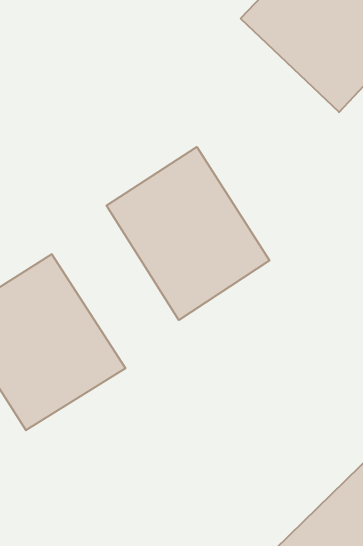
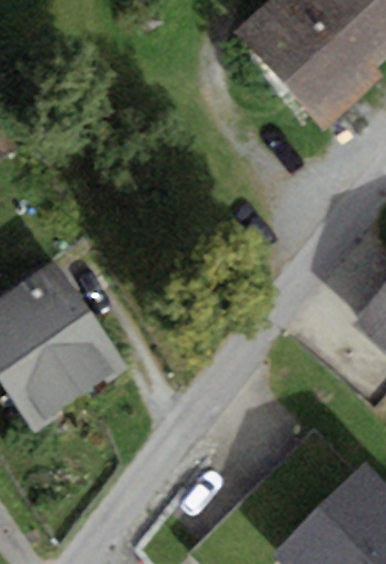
building: [107,147,269,320] -> none

